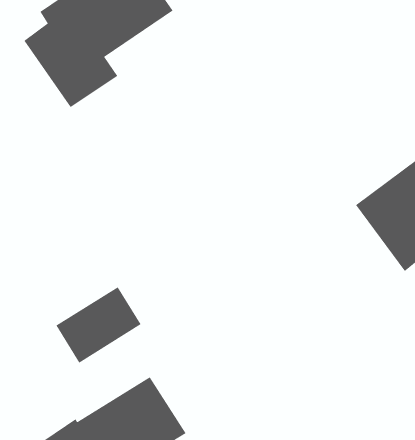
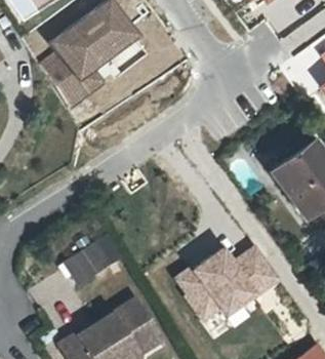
building: none -> [174,245,280,319]

